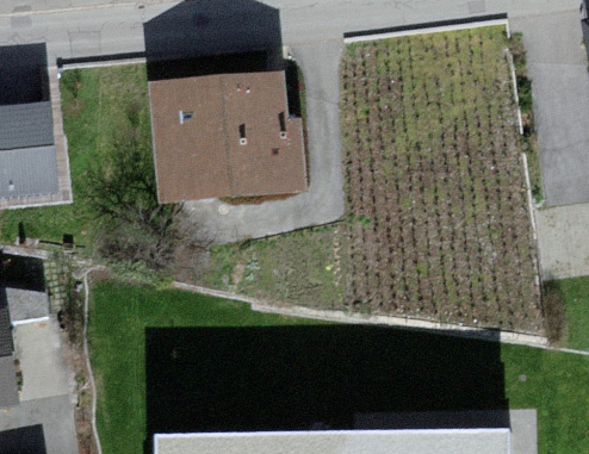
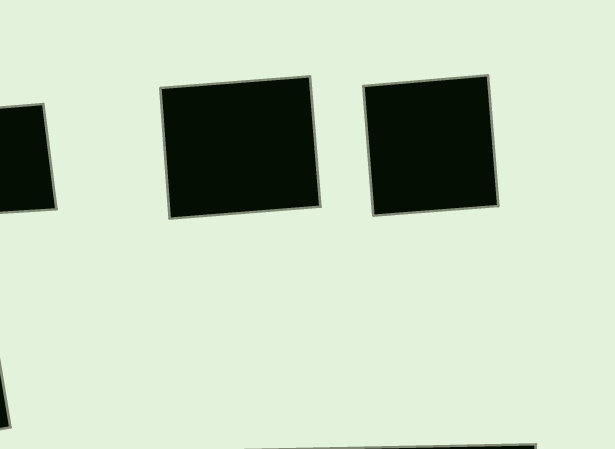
building: none -> [363,75,498,216]

